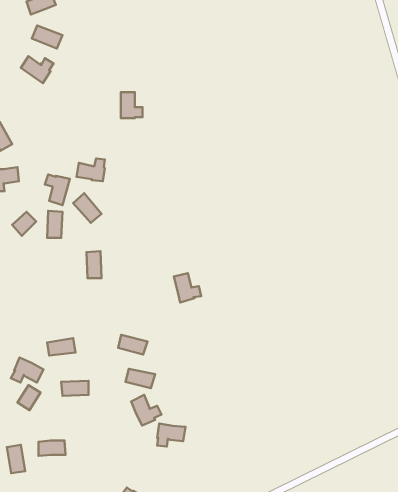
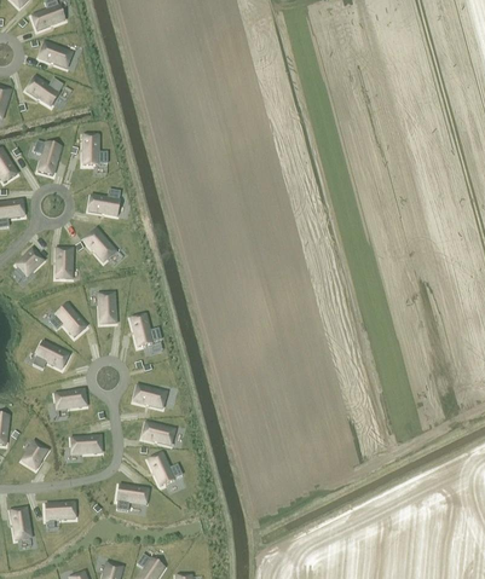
building: [121,92,143,118] -> [82,135,106,164]
building: [45,175,70,205] -> [33,141,60,175]
building: none -> [48,303,86,337]
building: [174,273,201,303] -> [129,314,160,347]
building: [11,358,44,383] -> [31,341,68,369]
building: [157,424,185,447] -> [116,485,148,510]

